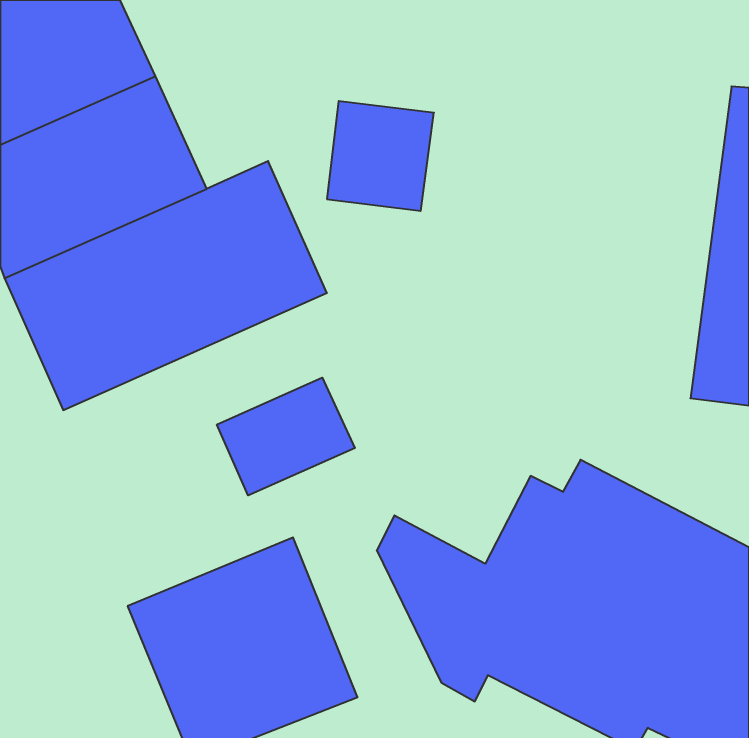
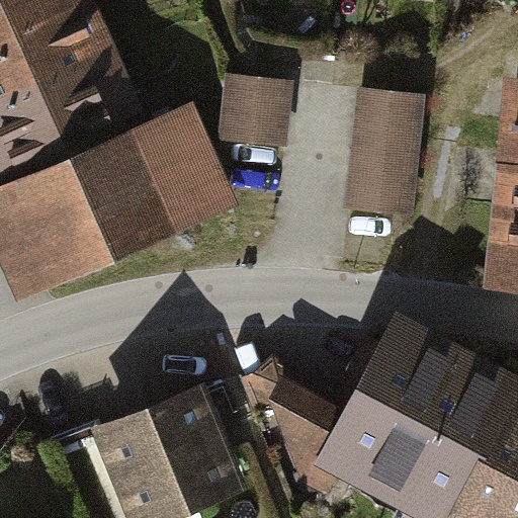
building: none -> [348,90,428,224]
building: [217,378,355,495] -> none

